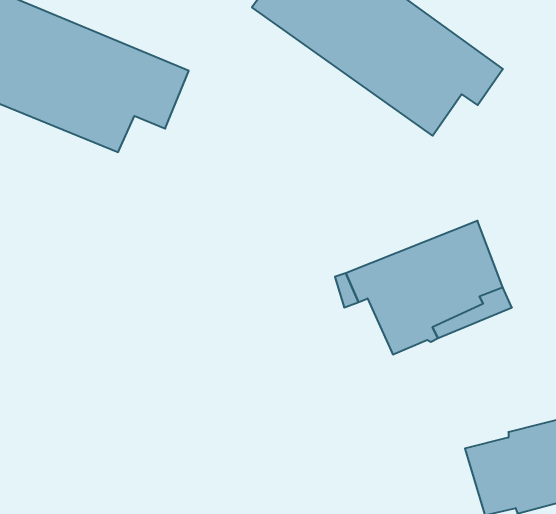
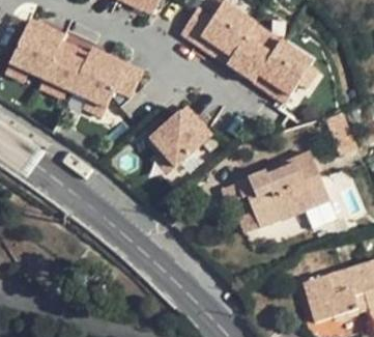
building: none -> [142,104,220,181]

